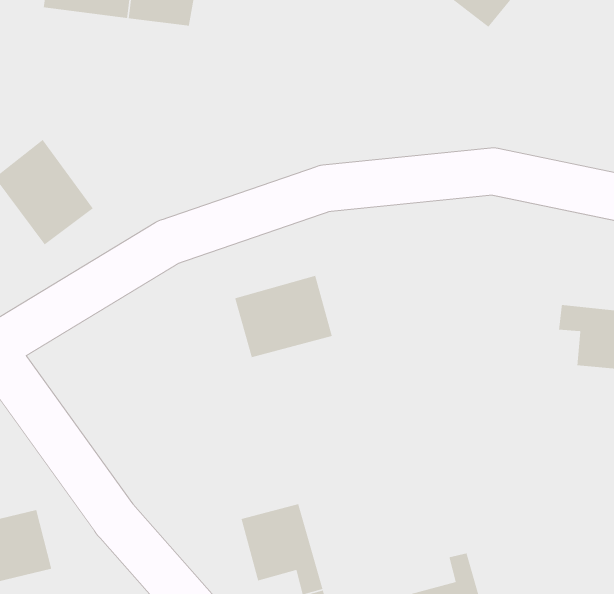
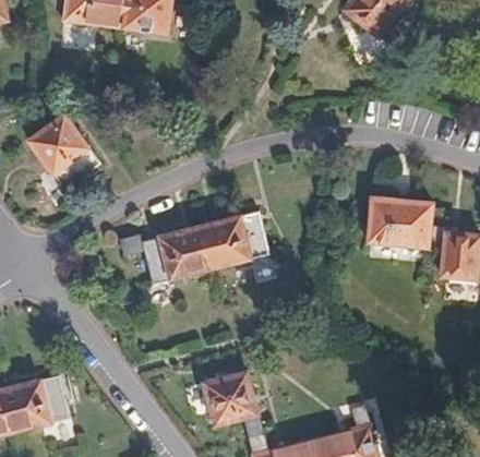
building: none -> [367,179,432,249]
building: none -> [142,226,211,285]

